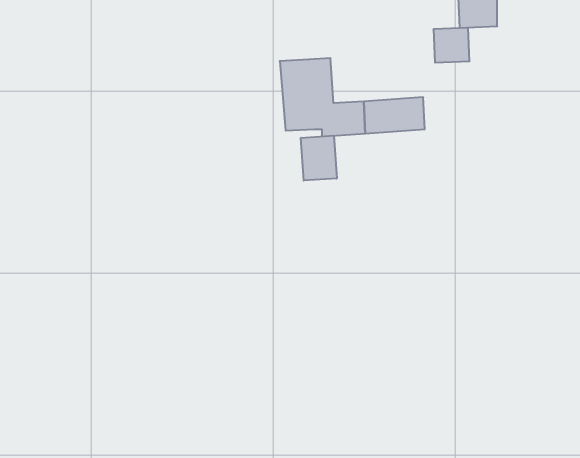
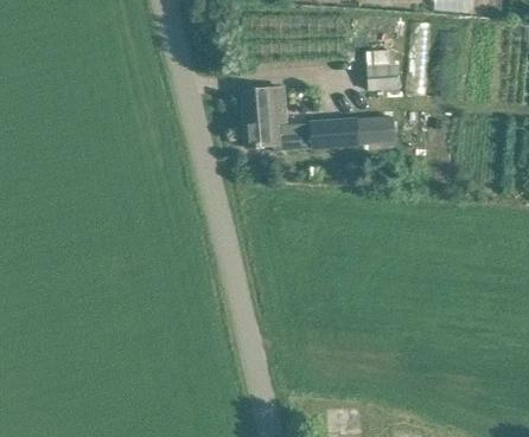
building: none -> [359,116,395,144]
building: [301,136,337,181] -> none

